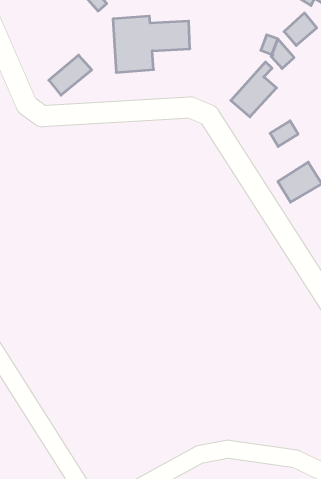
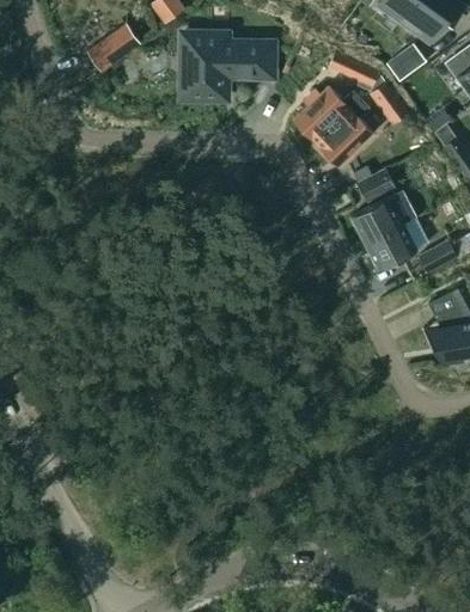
building: none -> [294,86,361,142]
building: [49,55,92,95] -> [87,24,140,71]
building: none -> [350,196,403,244]

